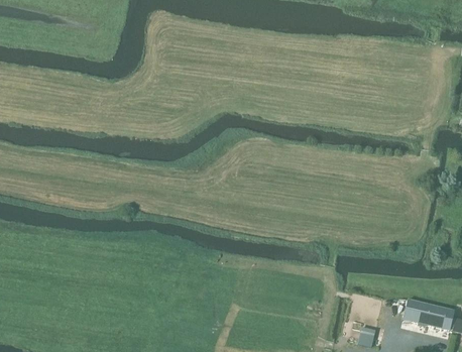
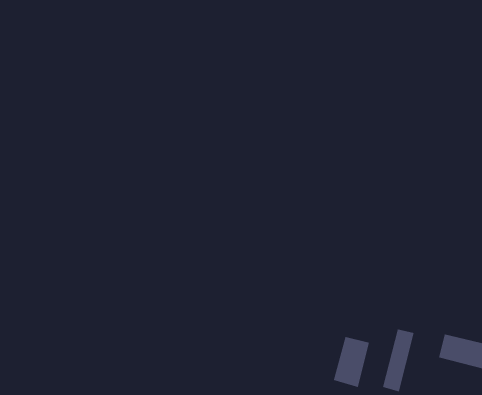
building: none -> [333,336,370,388]

